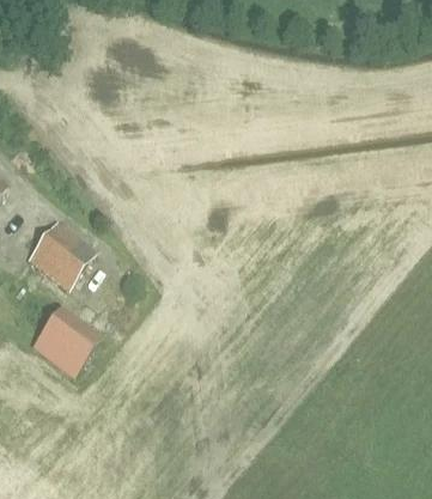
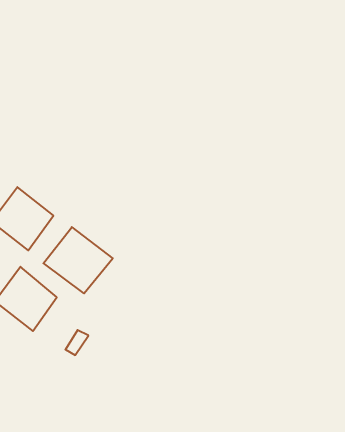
building: none -> [43,227,113,293]

